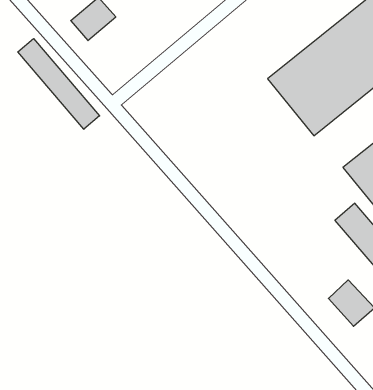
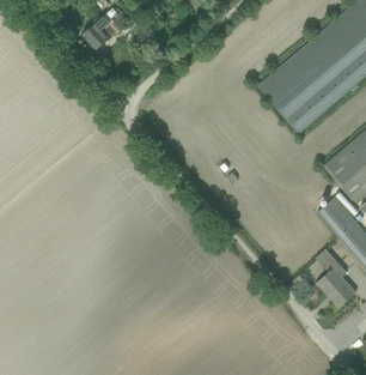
building: [18,39,100,129] -> none

